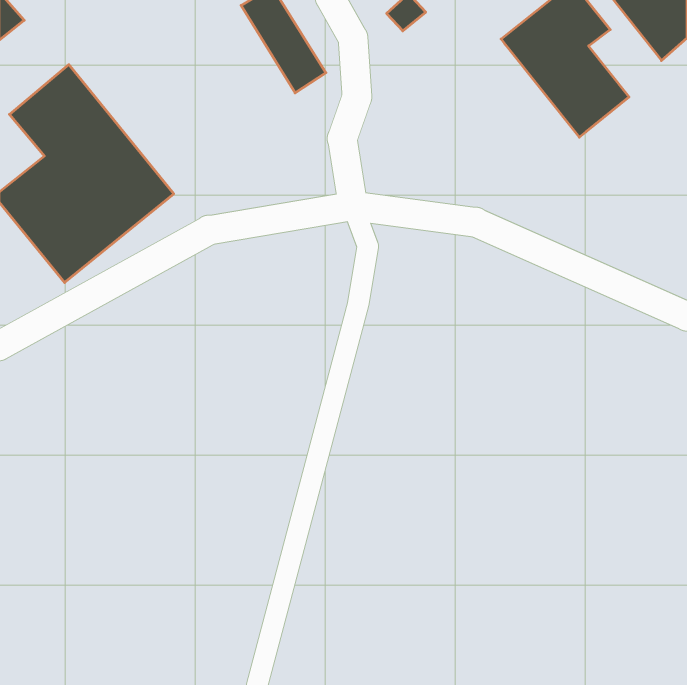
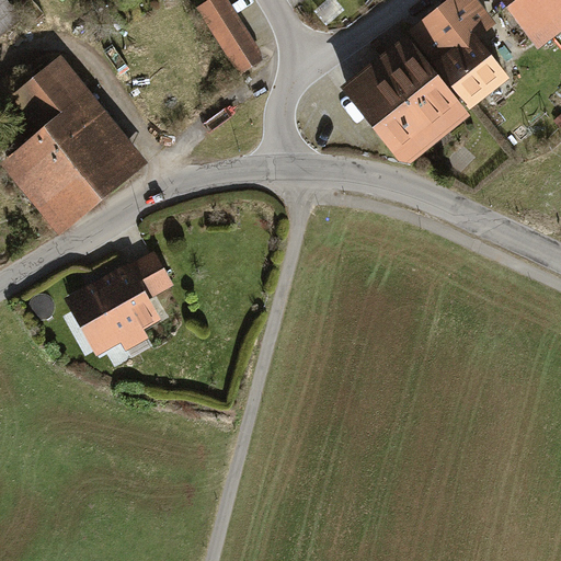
building: none -> [344,36,474,169]
building: none -> [65,251,174,354]

